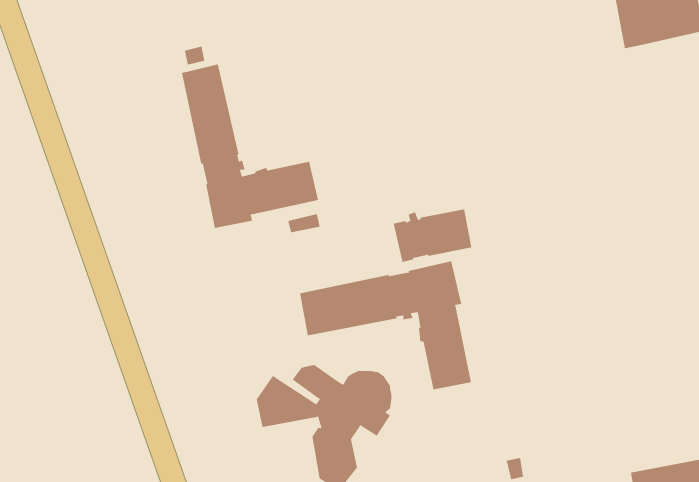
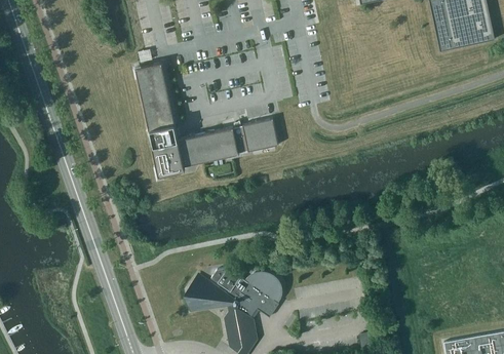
building: [393,209,472,263] -> [224,119,278,156]
building: [299,260,472,390] -> none

